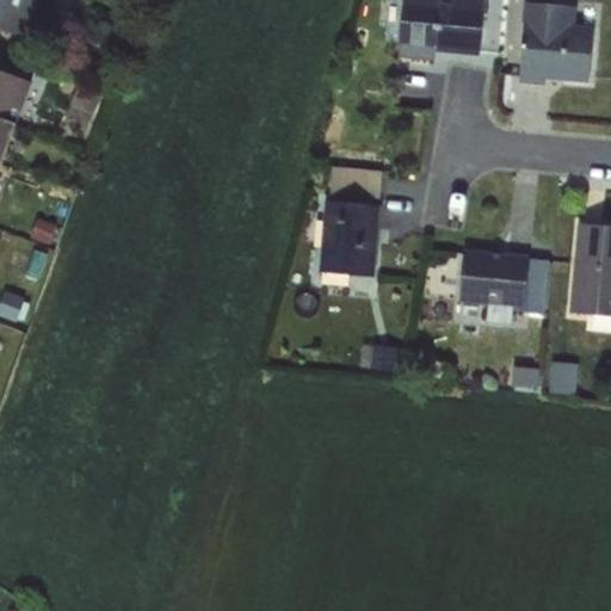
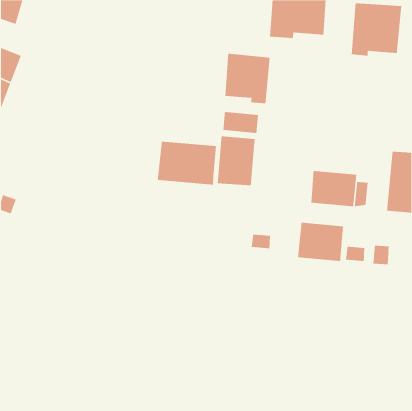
building: none -> [224,53,270,104]
building: none -> [157,141,217,185]
building: none -> [297,222,344,262]

